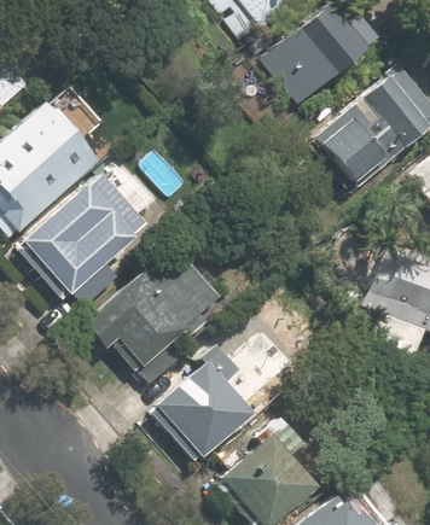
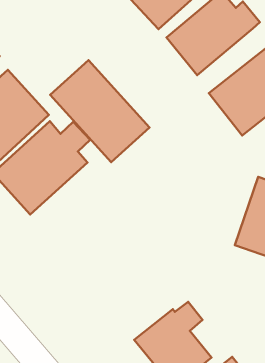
building: none -> [50,60,149,162]
building: [80,256,221,369] -> none
building: [155,343,258,467] -> none

